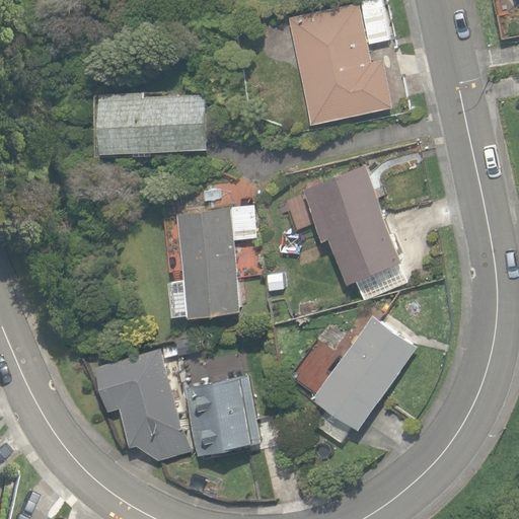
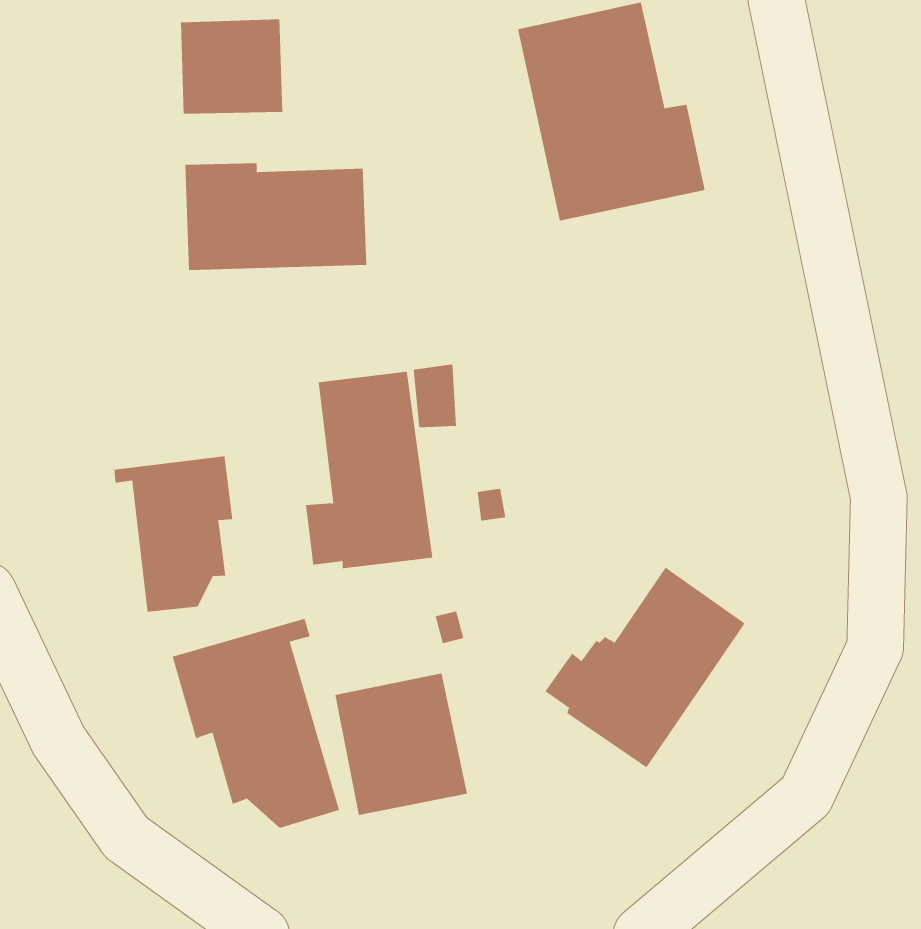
building: none -> [181,18,283,114]
building: [302,165,402,284] -> none
building: none -> [114,456,233,613]

